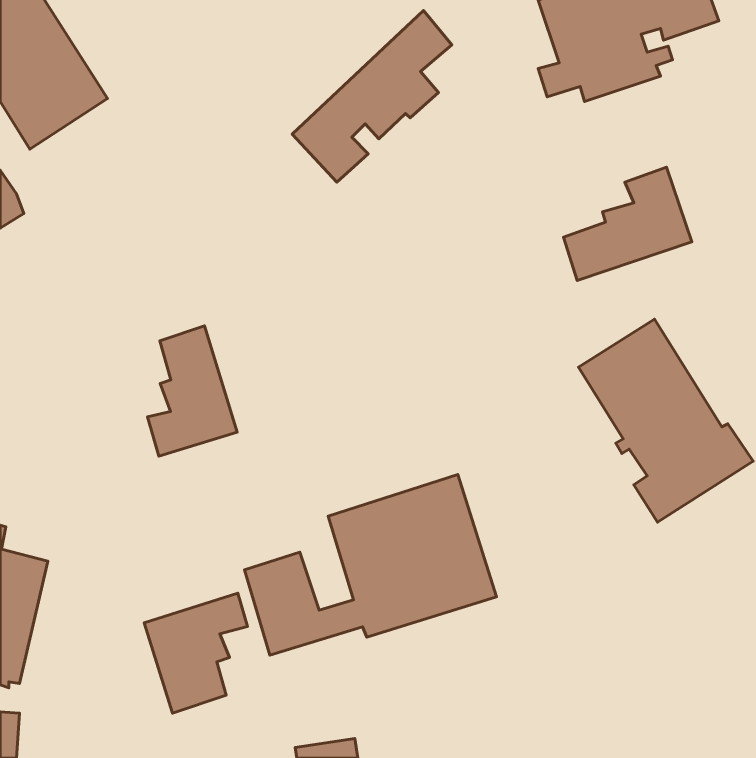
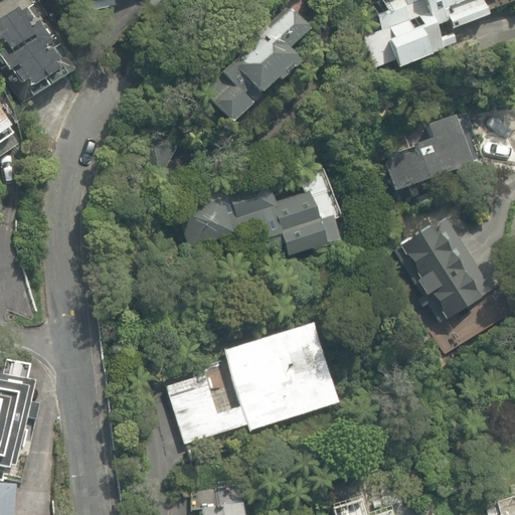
building: none -> [175,164,340,259]
building: [148,326,237,456] -> none
building: [144,593,247,713] -> none

